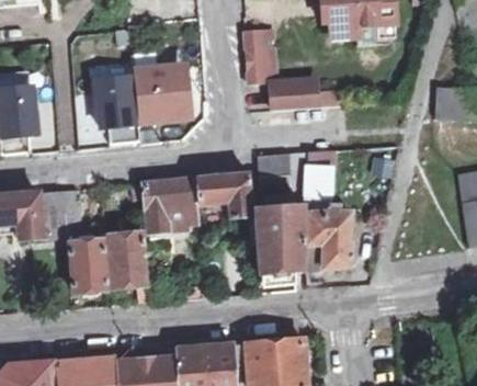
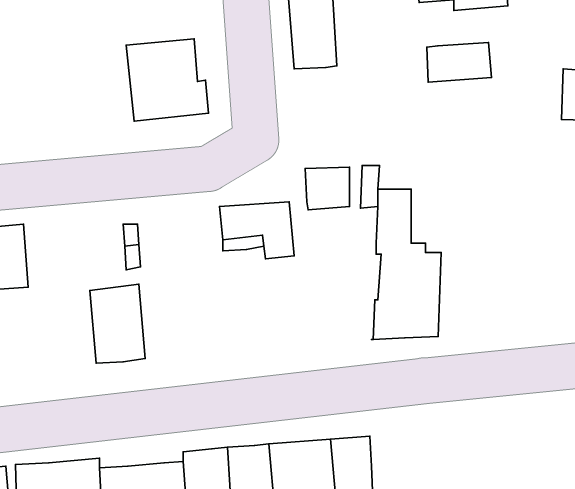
building: [95,73,138,140] -> none
building: [271,79,316,106] -> [427,43,492,82]
building: [143,180,197,234] -> none
building: [61,190,104,291] -> none
building: [249,190,306,272] -> none

